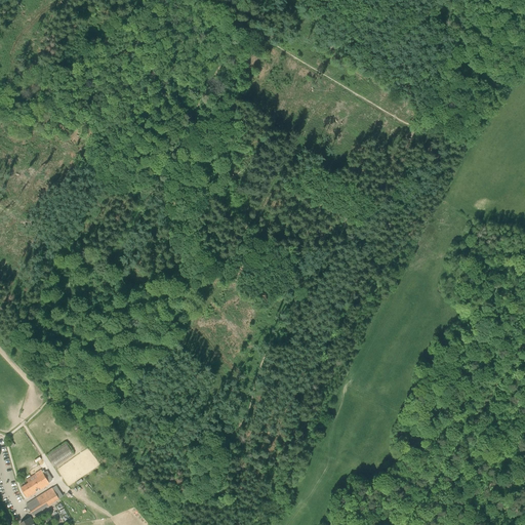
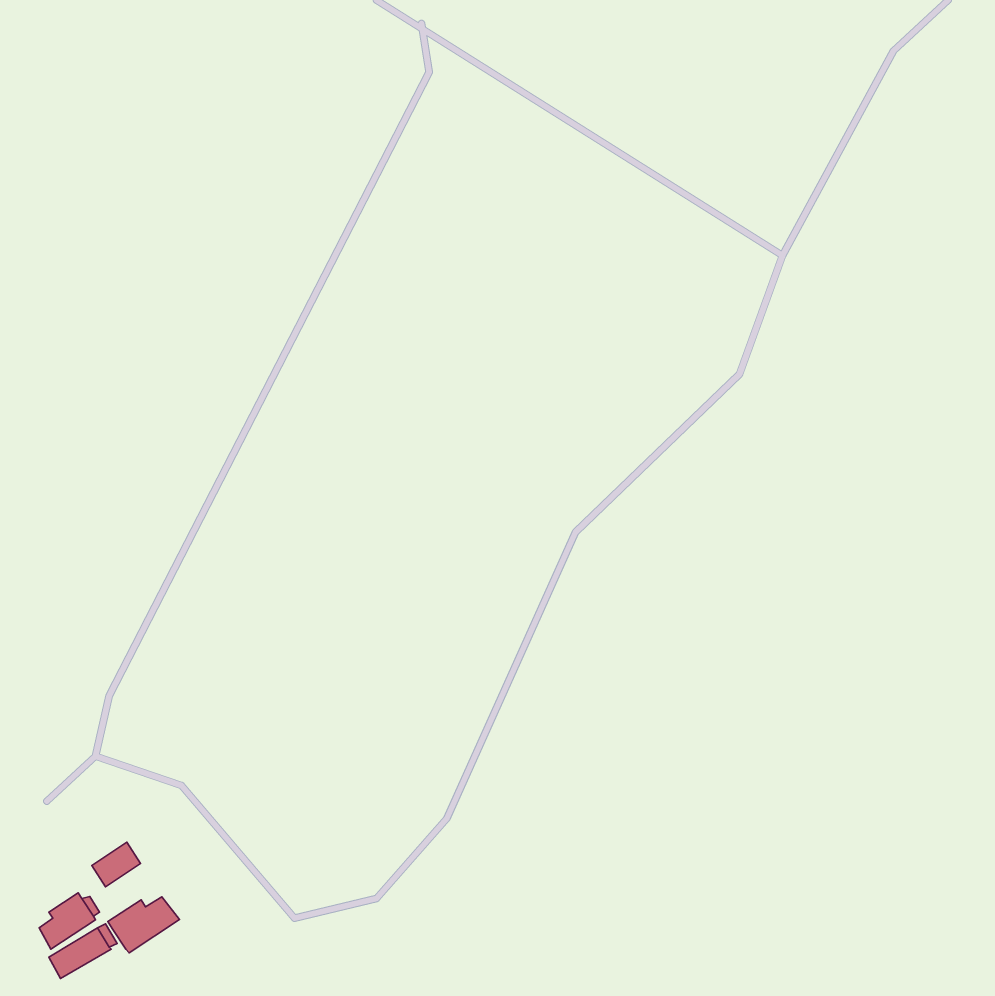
building: none -> [108,897,179,953]

